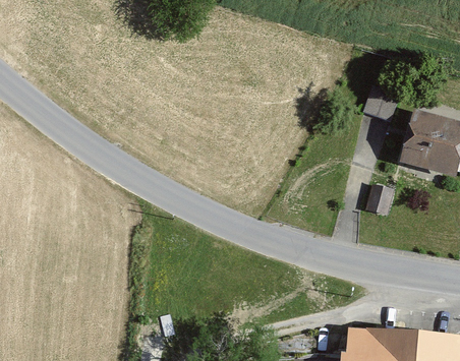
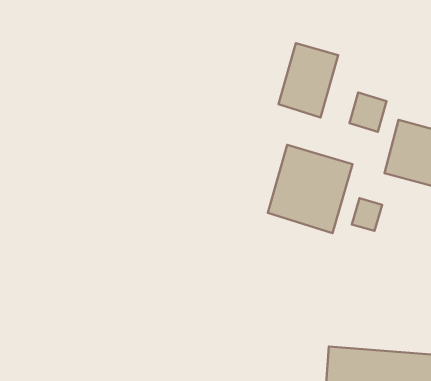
building: none -> [278,43,338,118]
building: none -> [268,145,353,233]

